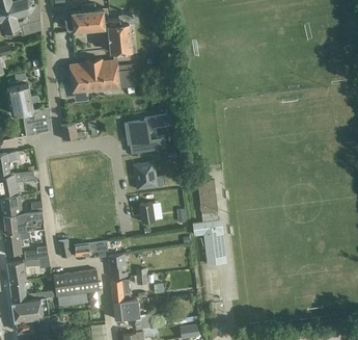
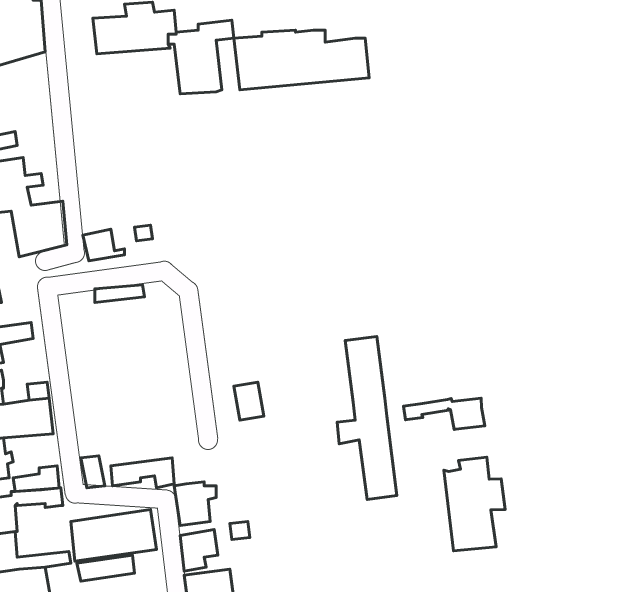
building: [70,60,140,91] -> [234,30,369,90]
building: [122,114,167,154] -> none
building: [132,161,162,189] -> none
building: none -> [403,398,485,429]
building: none -> [444,457,505,551]

